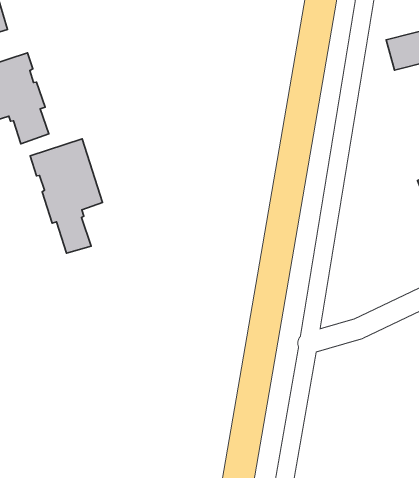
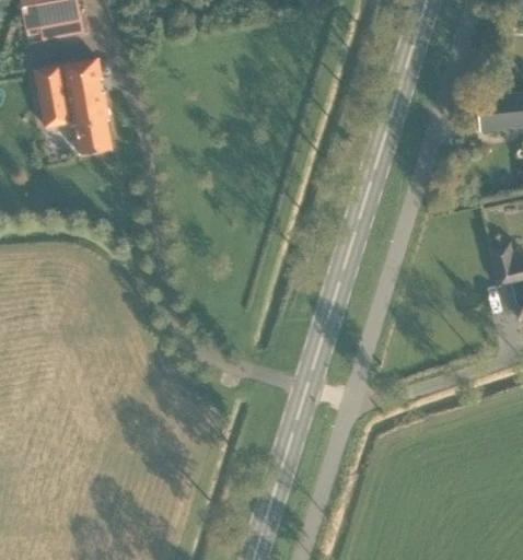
building: [30,139,102,253] -> none

